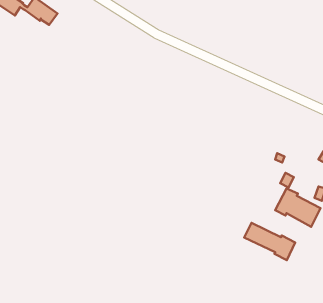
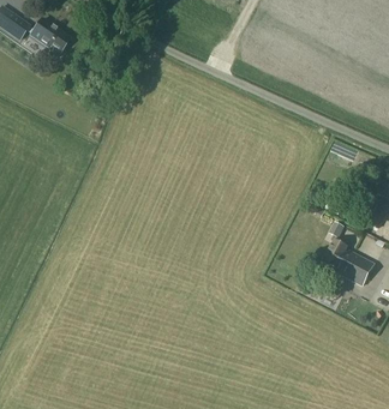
building: [244,223,295,260] -> none

